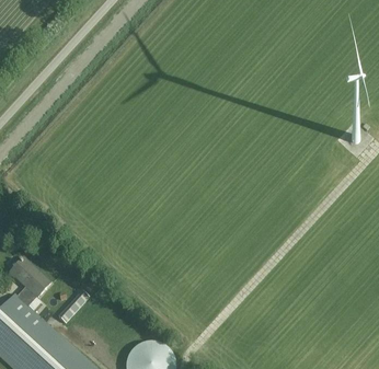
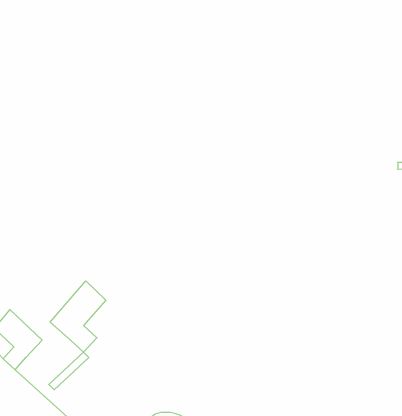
building: none -> [50,281,106,352]

